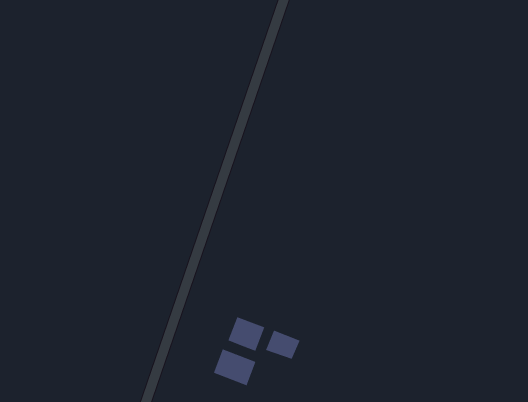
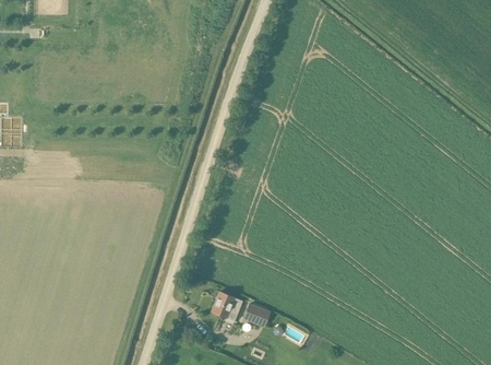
building: [213,349,256,386] -> none

